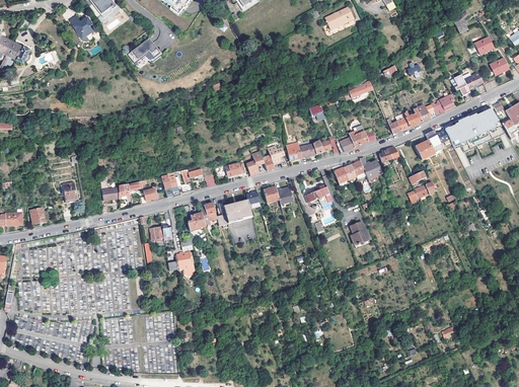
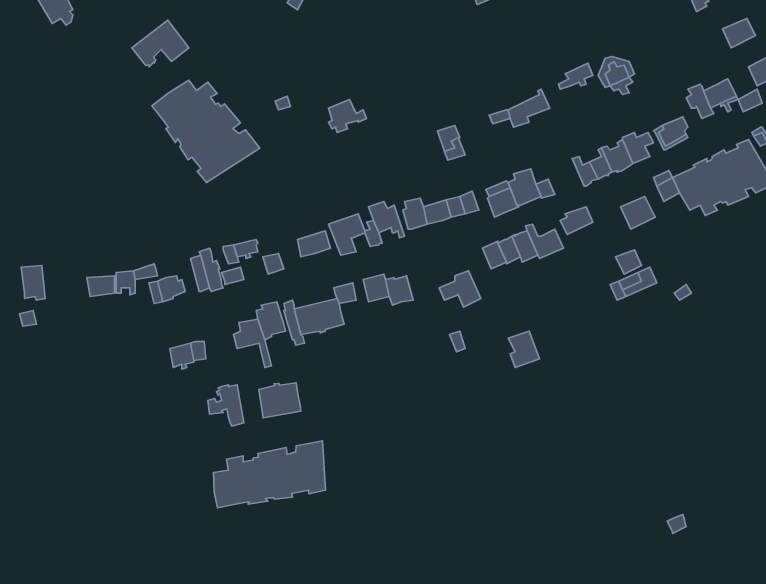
building: none -> [152,80,260,182]
building: none -> [259,383,301,418]
building: none -> [213,441,326,508]

